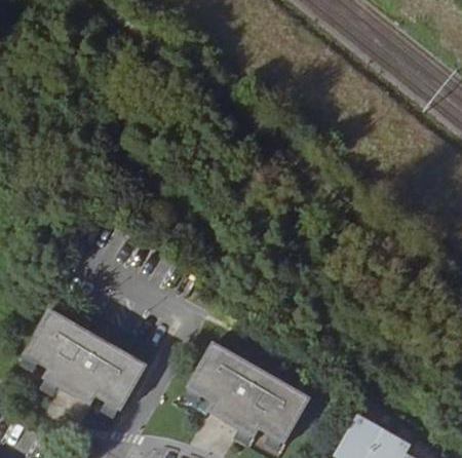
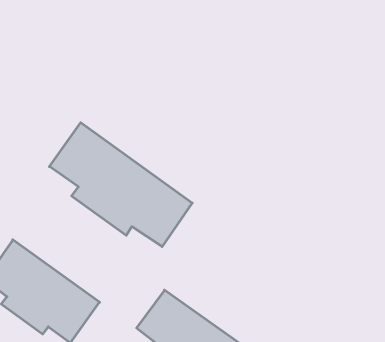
building: none -> [49,123,192,247]

